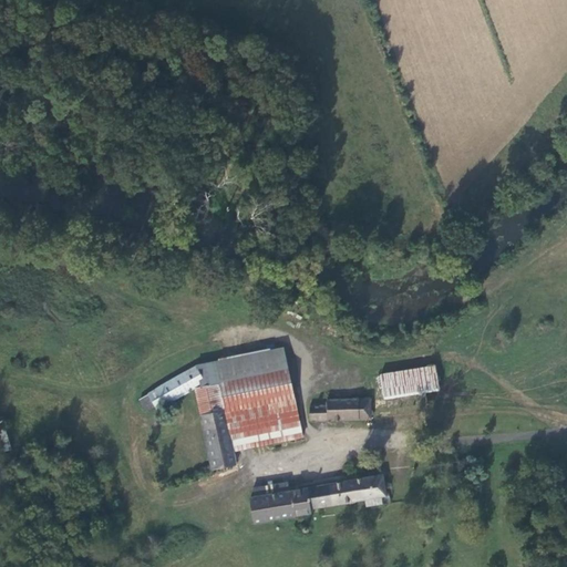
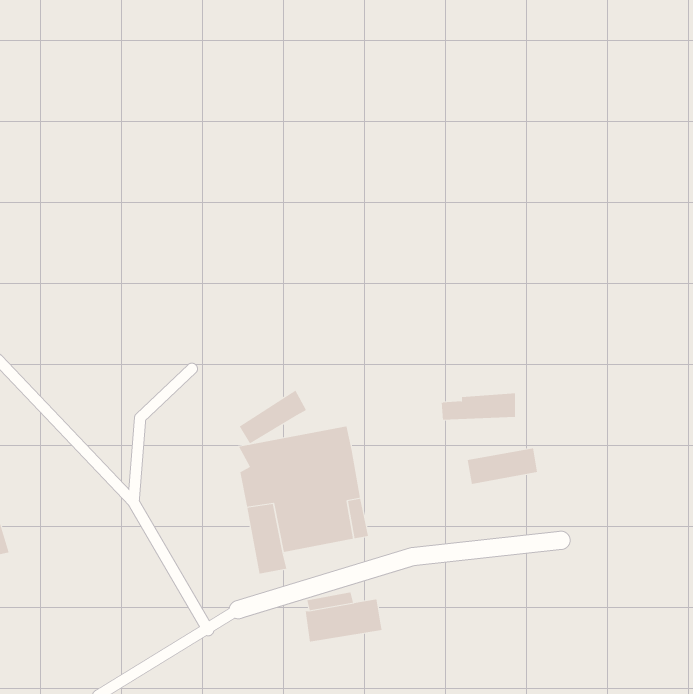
building: [147,364,203,409] -> [239,390,307,444]
building: [309,398,370,420] -> [441,393,516,420]
building: [307,473,393,508] -> none

